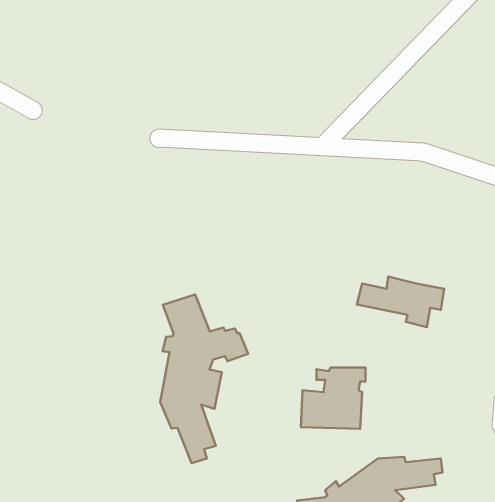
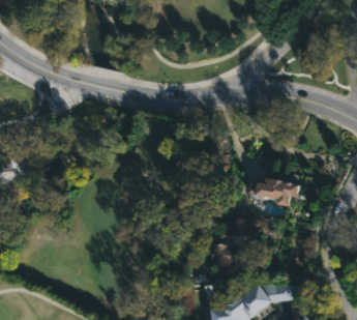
building: [160,294,248,463] -> none

